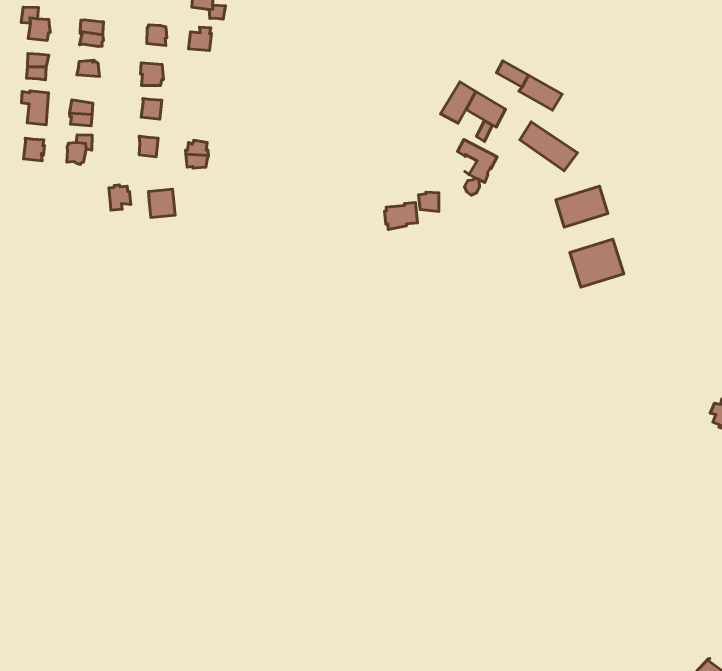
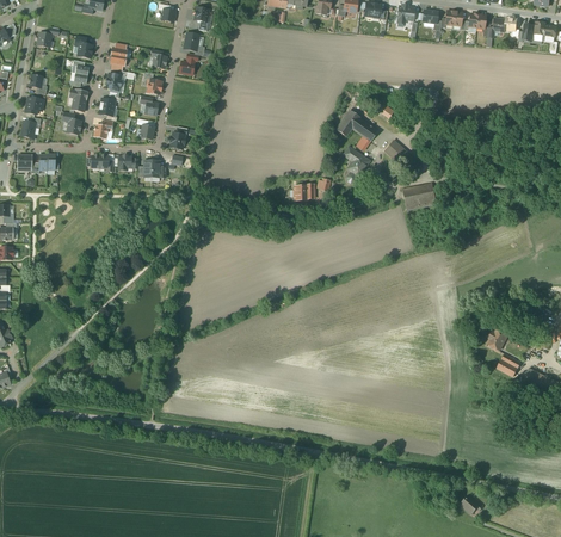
building: [570,239,624,287] -> none

